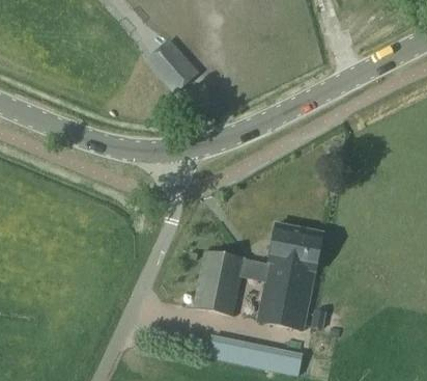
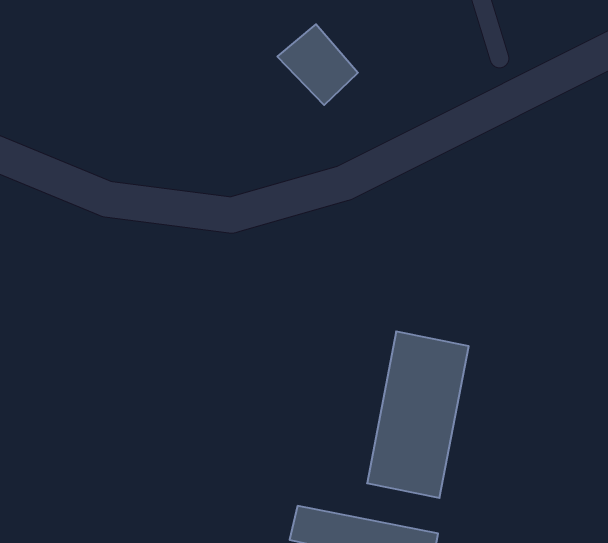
building: [145,39,197,91] -> [277,24,358,105]
building: [192,249,246,317] -> none

